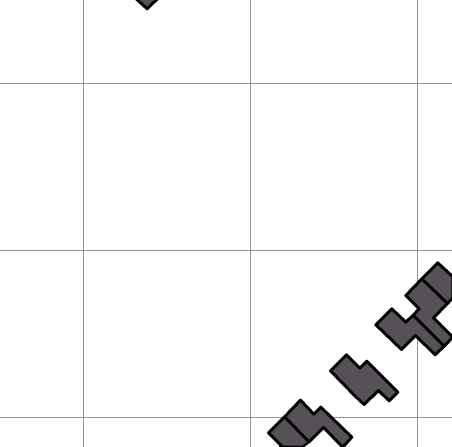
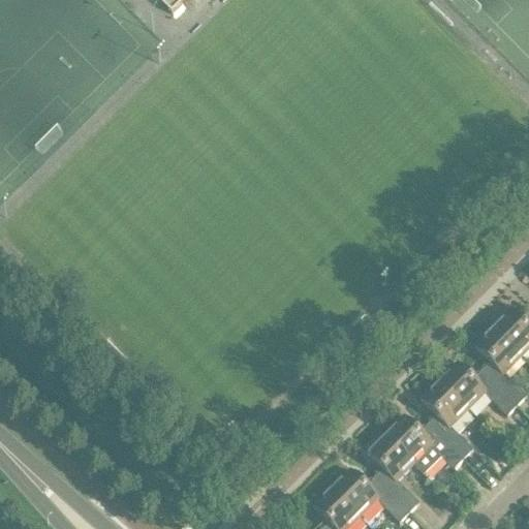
building: none -> [421,379,474,458]
building: none -> [368,433,421,510]

